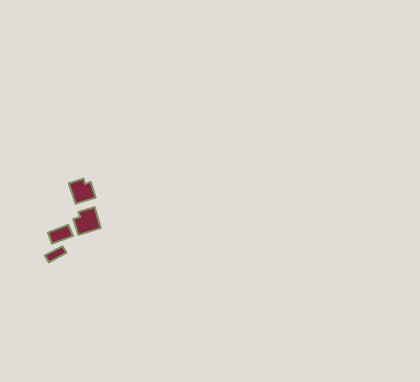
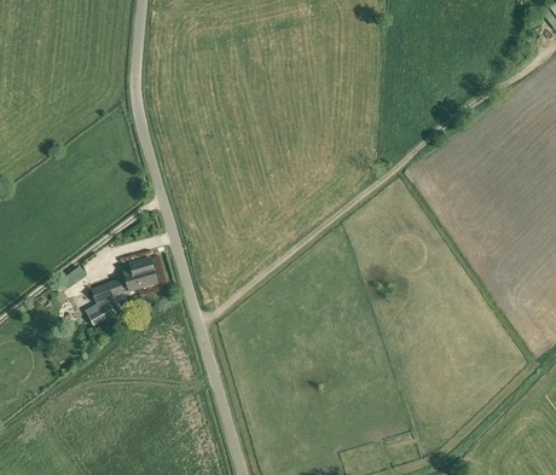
building: [69,178,95,204] -> none

